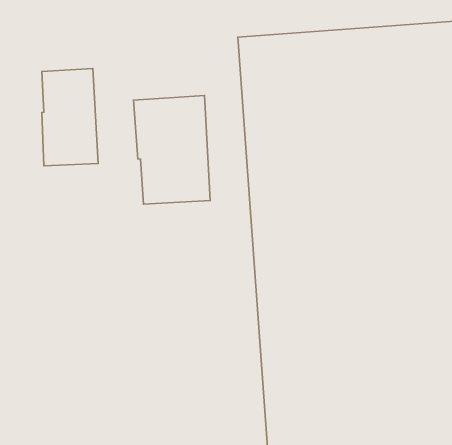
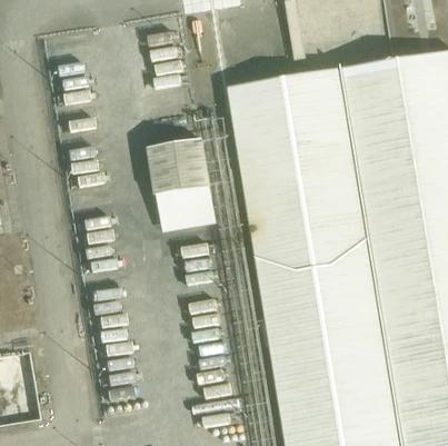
building: [42,69,98,166] -> none

